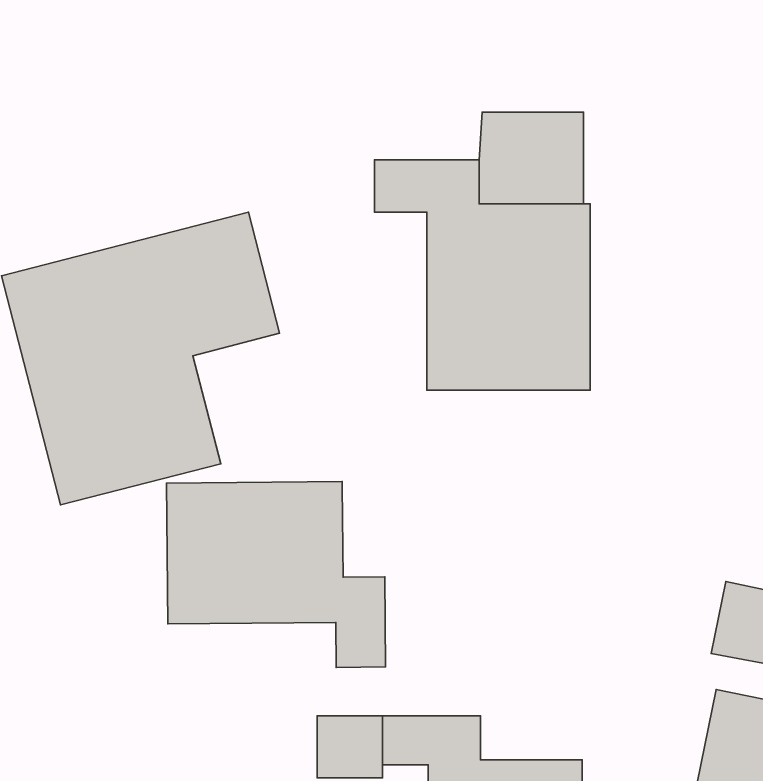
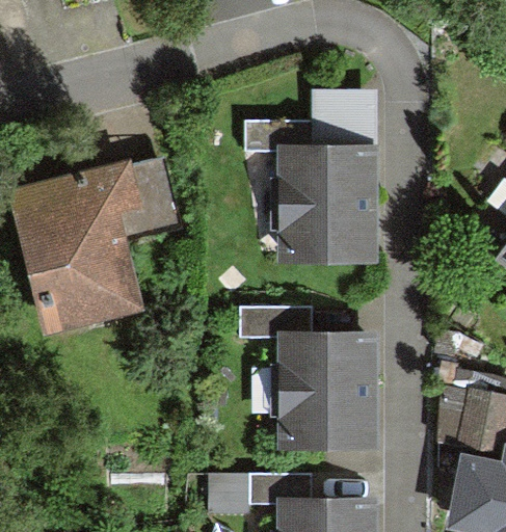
building: none -> [239,304,377,450]
building: [166,482,386,667] -> none

